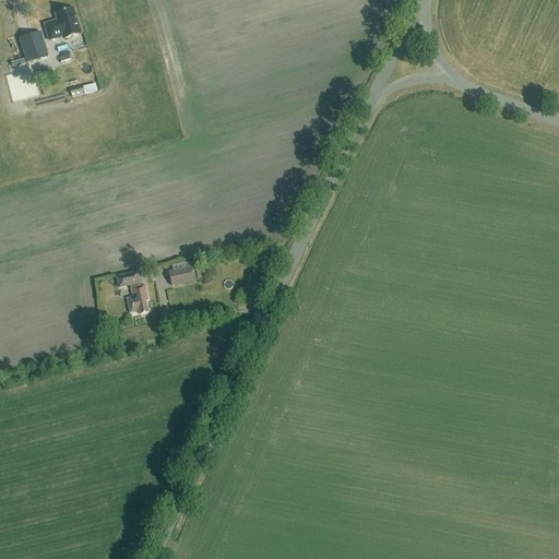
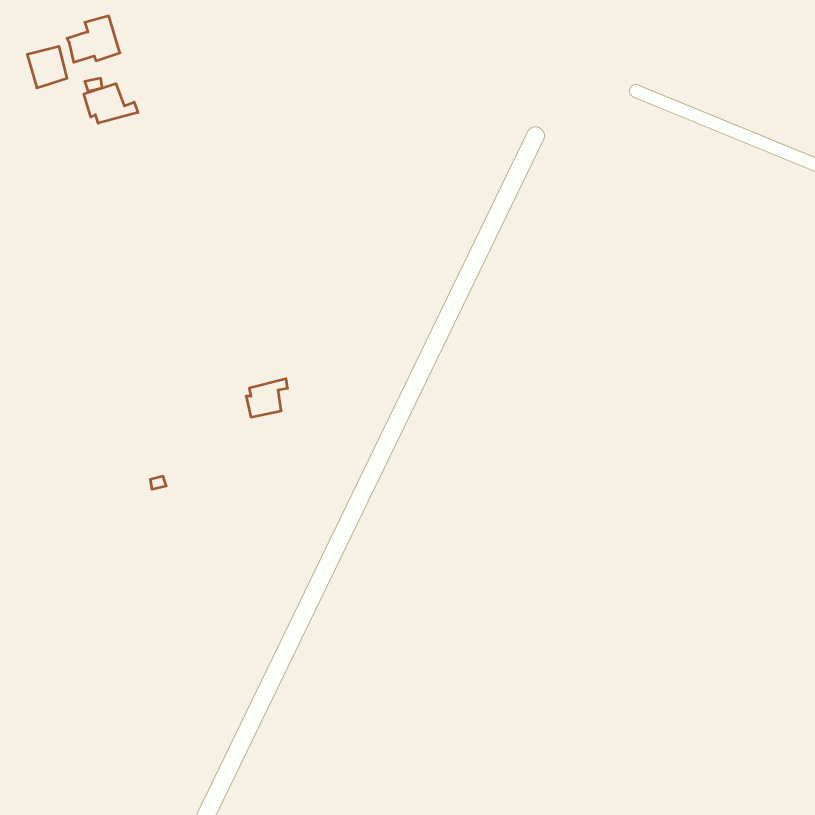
building: none -> [84,84,138,123]
building: [116,271,147,313] -> none

